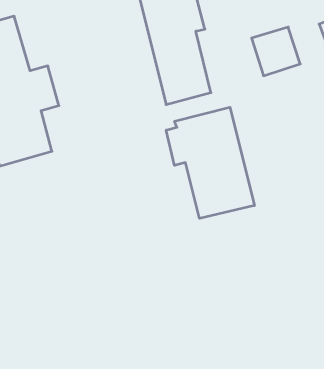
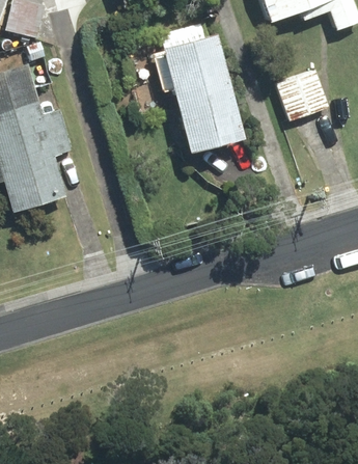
building: [166,107,254,218] -> none

